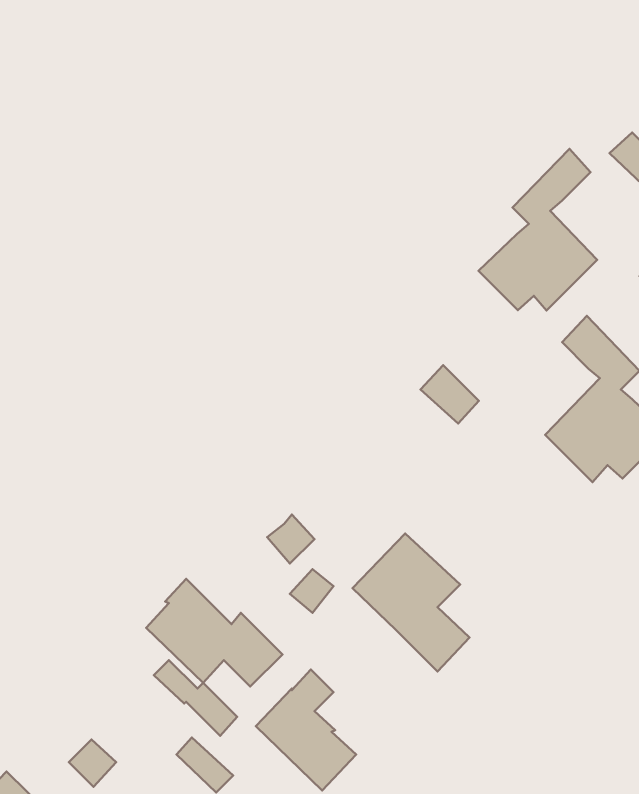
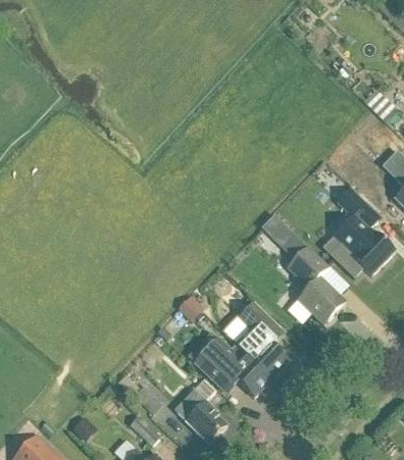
building: [479,149,597,311] -> none
building: none -> [287,246,344,323]
building: [146,579,282,687] -> [197,338,270,396]

